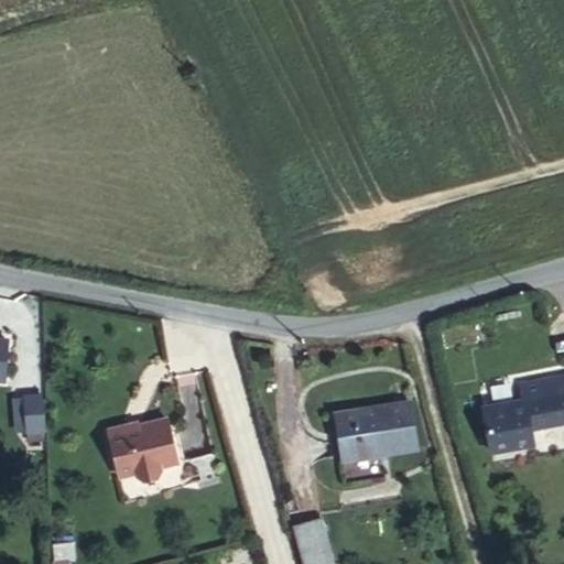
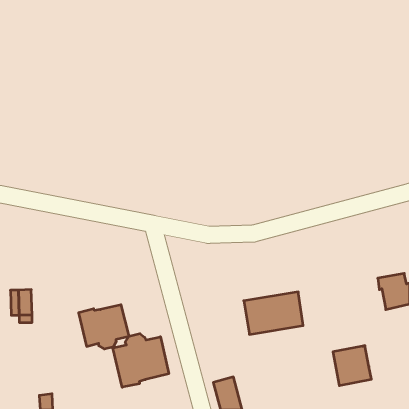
building: [481,398,534,453] -> [333,346,371,386]
building: none -> [113,334,169,387]

